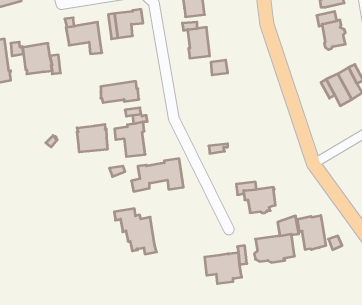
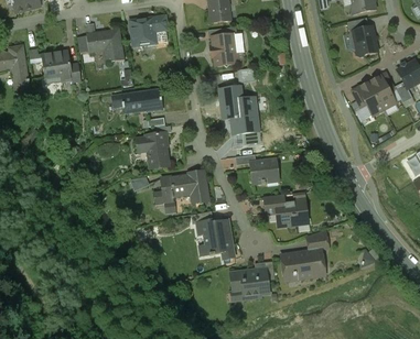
building: none -> [219,86,258,132]
building: [77,124,107,152] -> none
building: none -> [250,158,278,184]
building: [114,209,157,254] -> [191,210,235,258]
building: [297,215,326,250] -> none

